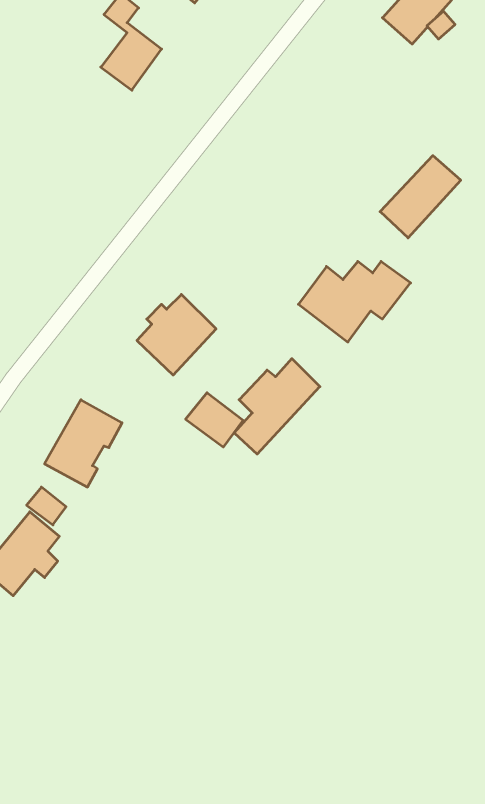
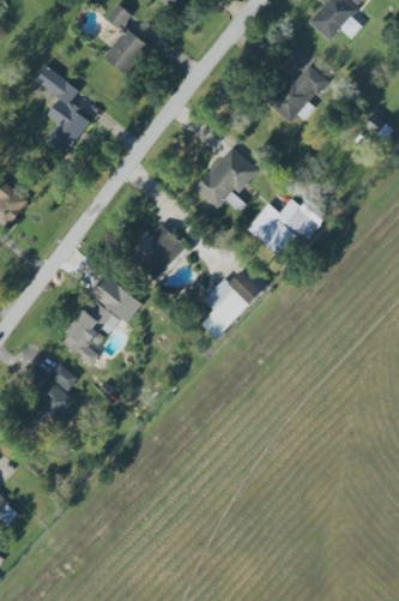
building: none -> [35,64,91,152]
building: [380,156,461,238] -> [270,62,328,122]
building: none -> [194,146,258,208]
building: [186,393,243,447] -> [101,282,143,321]

